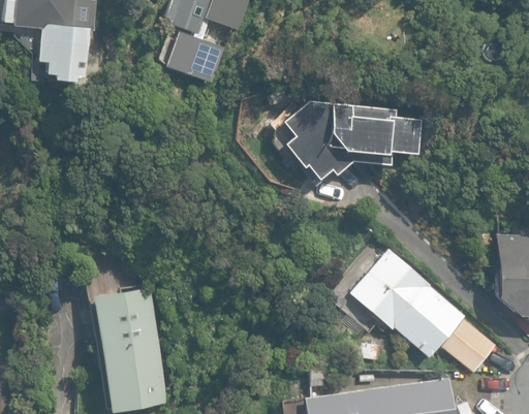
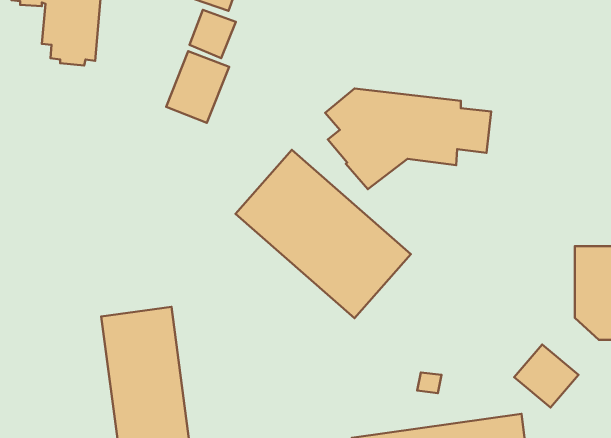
building: none -> [166,51,229,123]
building: none -> [236,150,411,318]
building: [351,247,465,356] -> none

